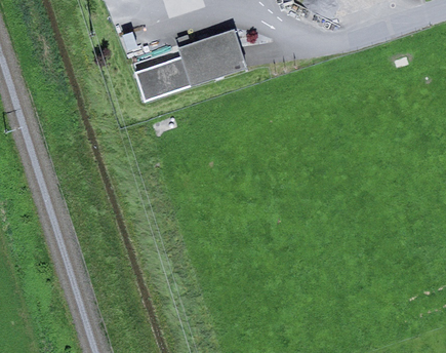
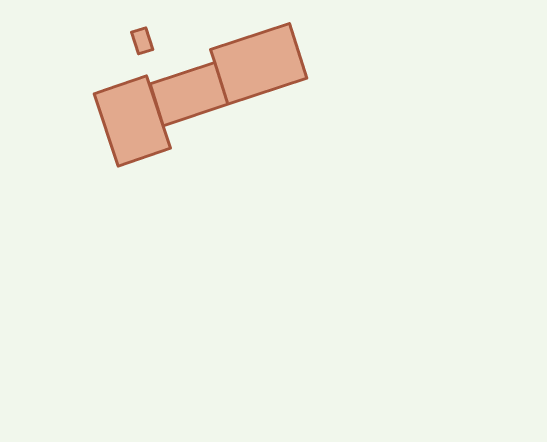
building: none -> [94,76,170,166]

